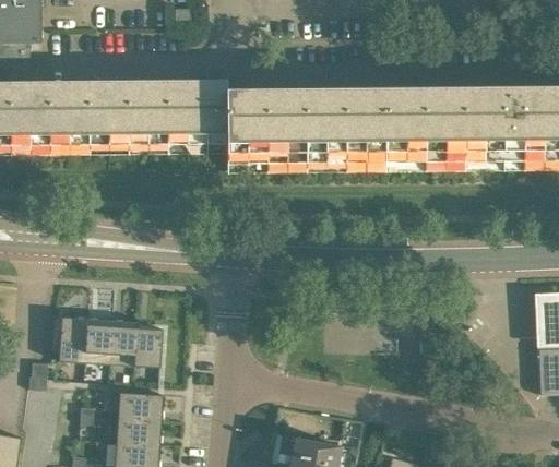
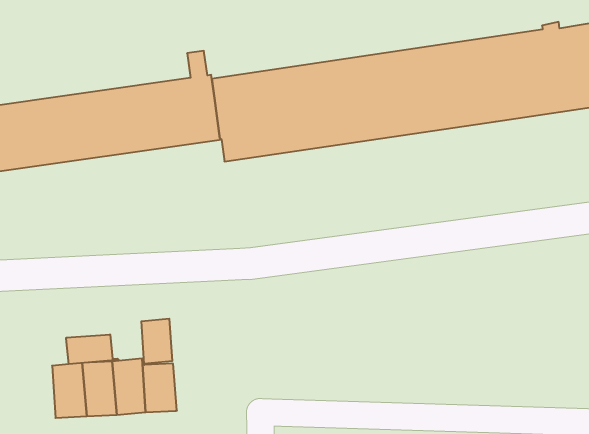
building: none -> [141,319,172,364]
building: none -> [66,334,119,364]

